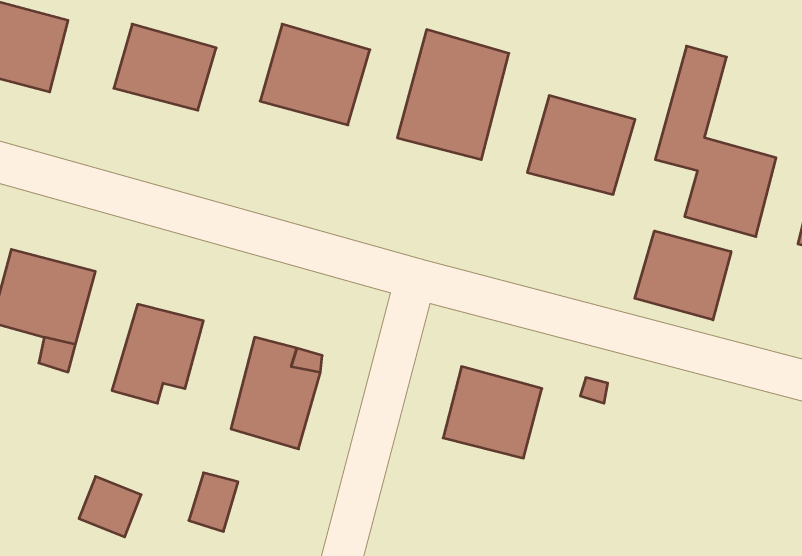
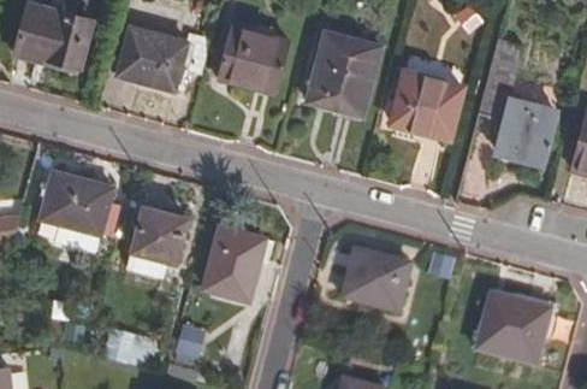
building: [635,231,731,320] -> none
building: none -> [474,295,549,366]

